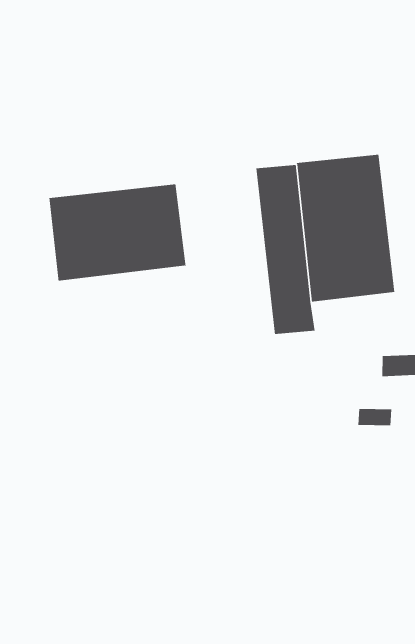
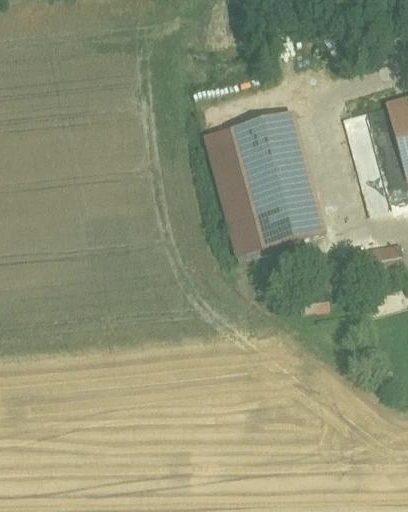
building: [49,184,186,281] -> none
building: none -> [259,211,324,247]

